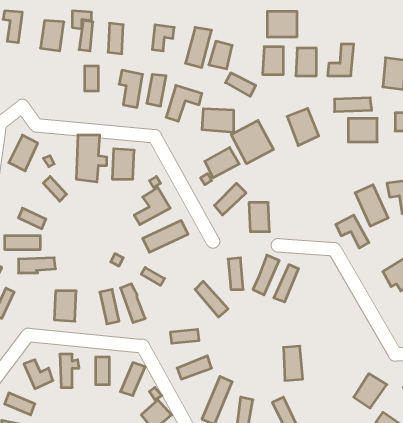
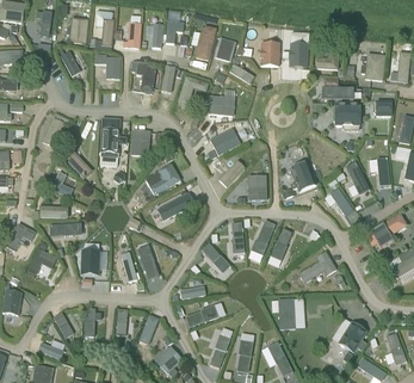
building: [267,11,297,37] -> none
building: [287,108,319,146] -> [289,160,316,192]
building: [231,120,273,164] -> none
building: none -> [297,251,335,283]

